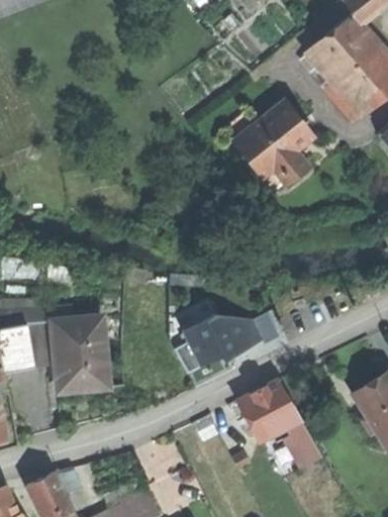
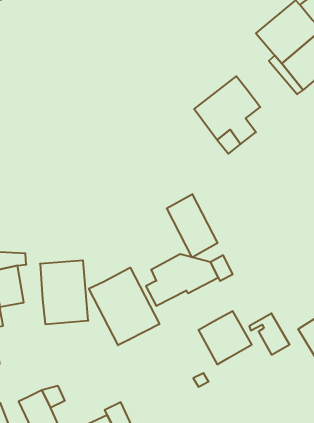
building: none -> [167,194,217,257]
building: [26,322,56,368] -> none
building: none -> [89,268,159,345]
building: [275,417,322,466] -> [249,313,290,355]

